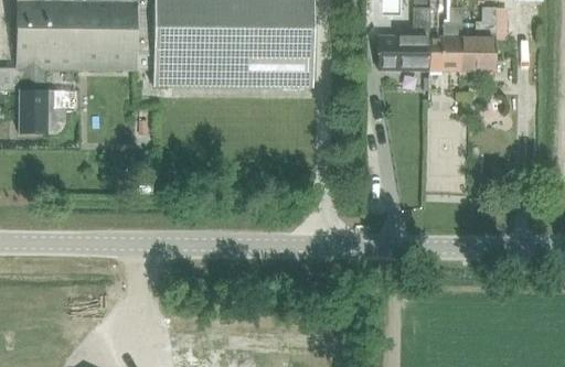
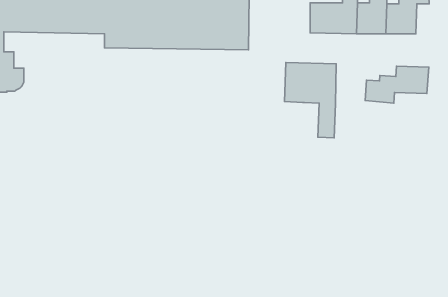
building: none -> [284,63,336,138]
building: none -> [365,66,429,103]

